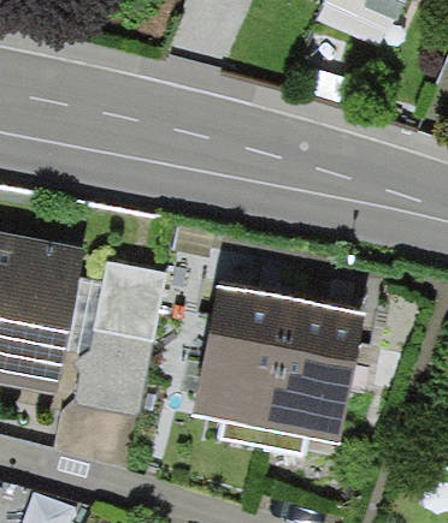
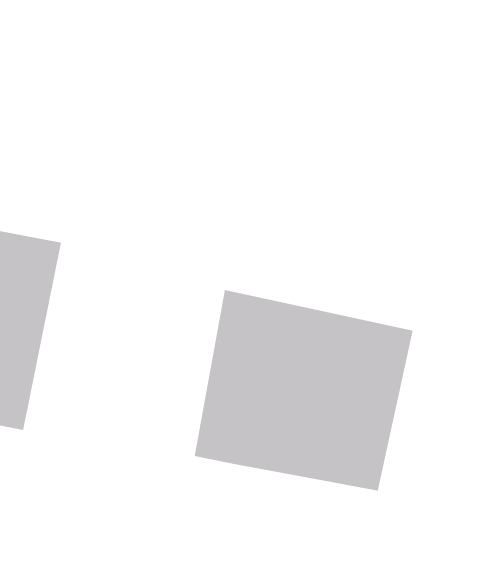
building: [77,257,166,408] -> none

